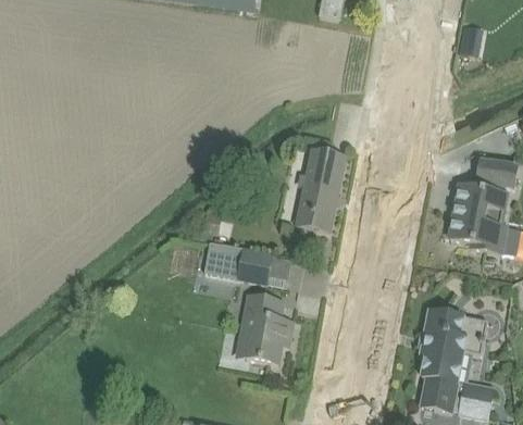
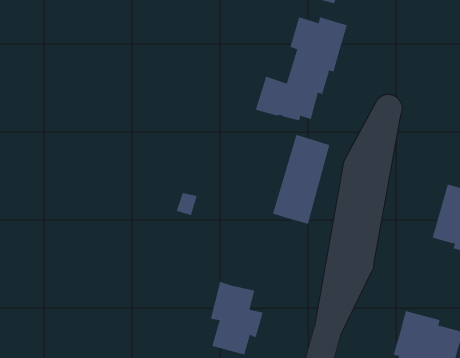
building: none -> [255,17,348,121]
building: [203,242,272,284] -> none

